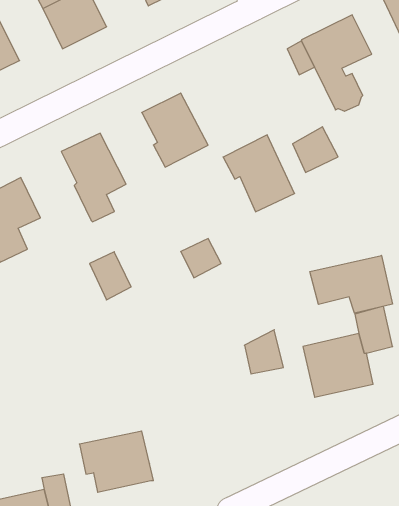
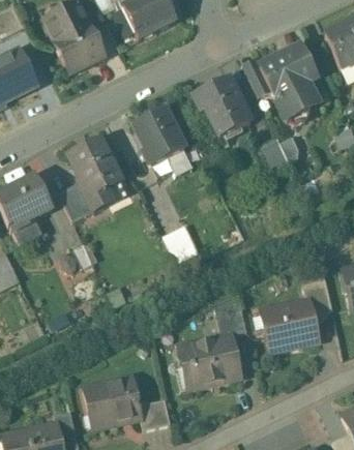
building: [223,135,295,212] -> [193,77,249,138]
building: [90,252,131,300] -> [59,181,92,219]
building: [310,255,392,313] -> none
building: none -> [184,336,239,387]
building: none -> [139,397,170,427]

